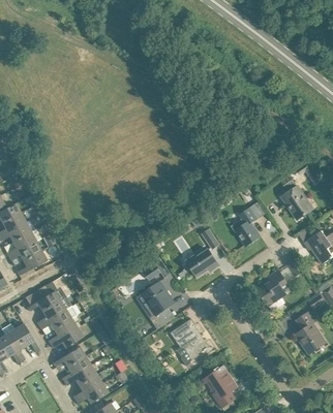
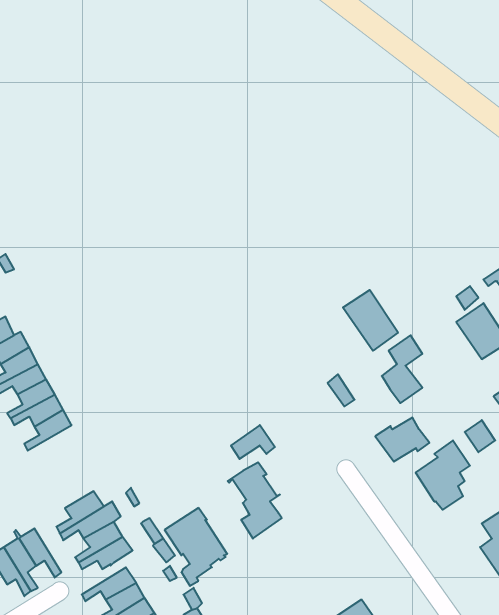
building: none -> [343,290,398,351]
building: [185,250,218,277] -> [375,418,429,462]
building: [27,282,65,312] -> none
building: [170,319,208,367] -> [165,508,227,586]

